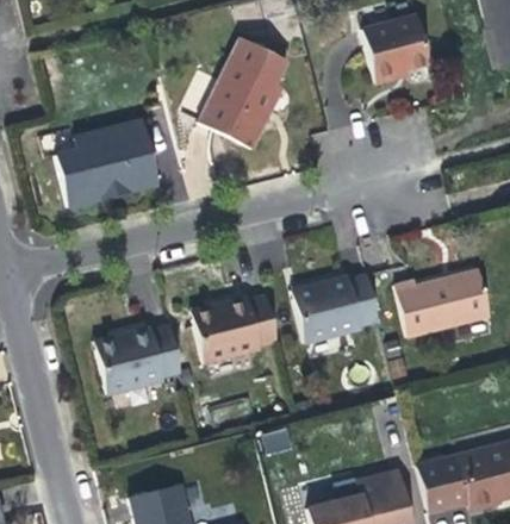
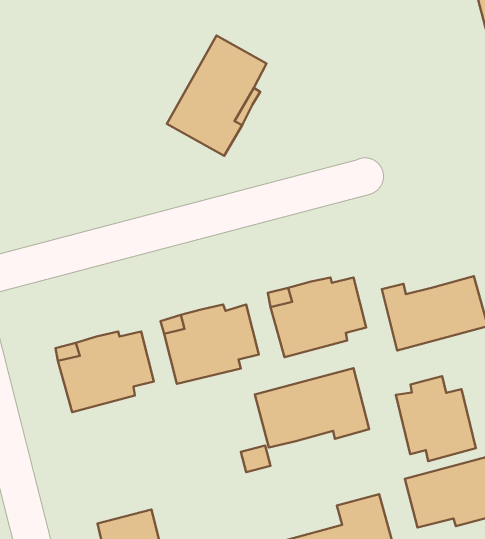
building: [366,18,430,83] -> none
building: [60,119,163,205] -> none
building: none -> [255,368,369,447]
building: none -> [396,376,476,461]

